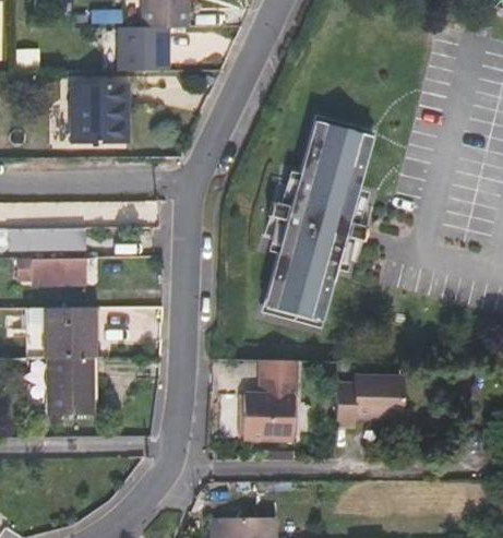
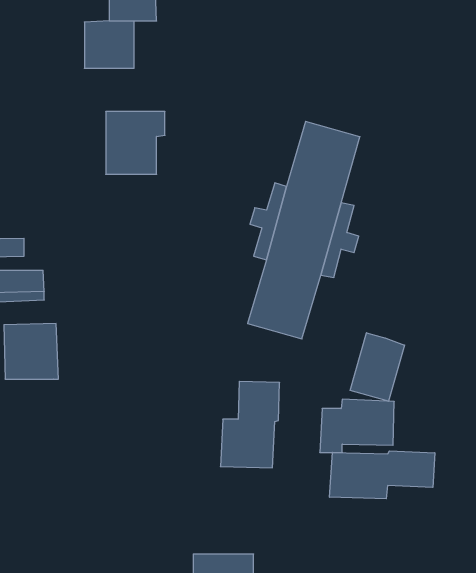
building: [71,84,125,142] -> [106,112,165,174]
building: none -> [350,333,405,401]
building: [46,358,92,415] -> none
building: none -> [330,451,435,499]

